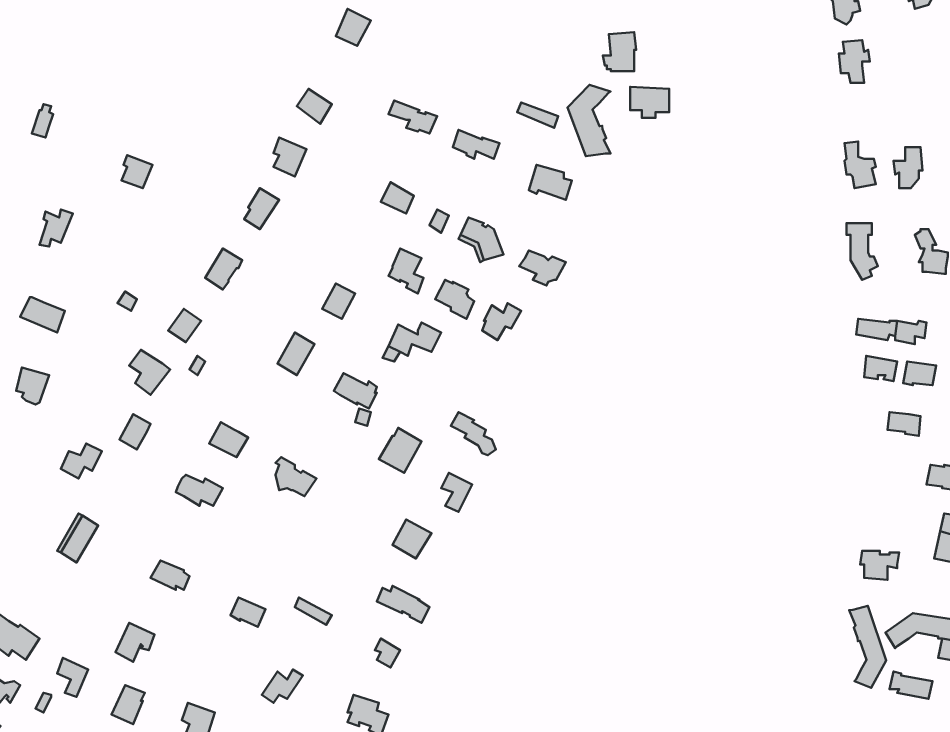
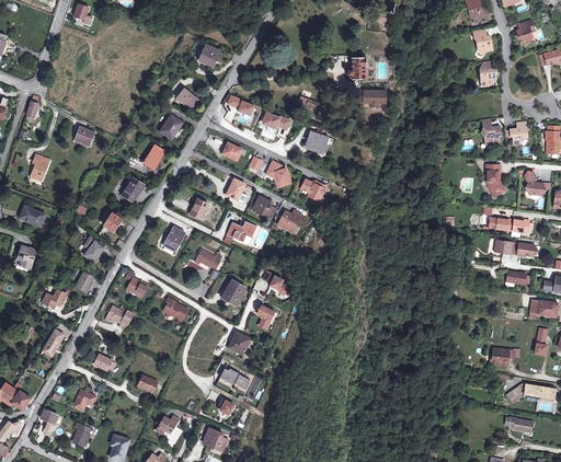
building: [567,85,610,156] -> none
building: [849,606,886,688] -> none

